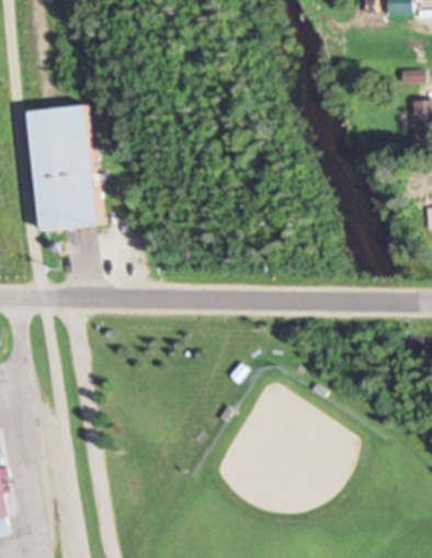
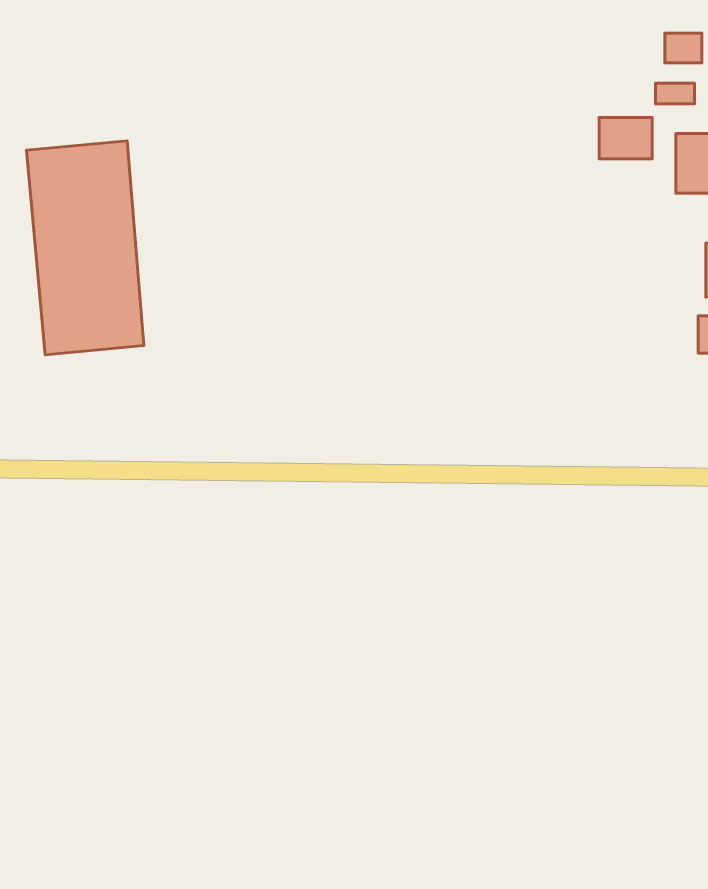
building: none -> [599,118,652,159]

